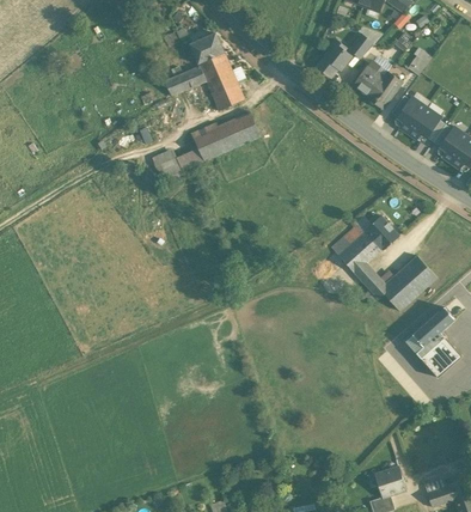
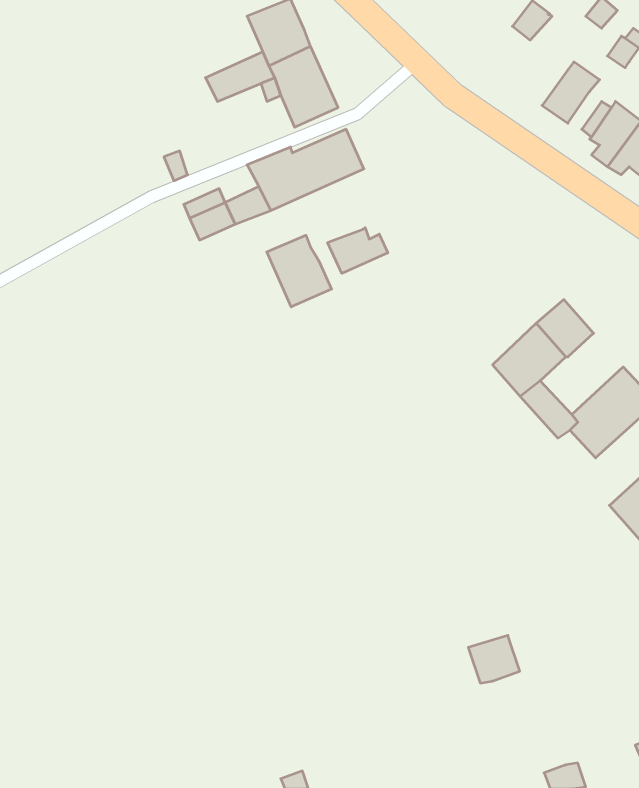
building: [317,38,350,75] -> none
building: [351,59,383,97] -> none
building: none -> [328,228,388,273]
building: none -> [267,235,332,307]
building: [374,467,405,495] -> [468,635,520,683]

